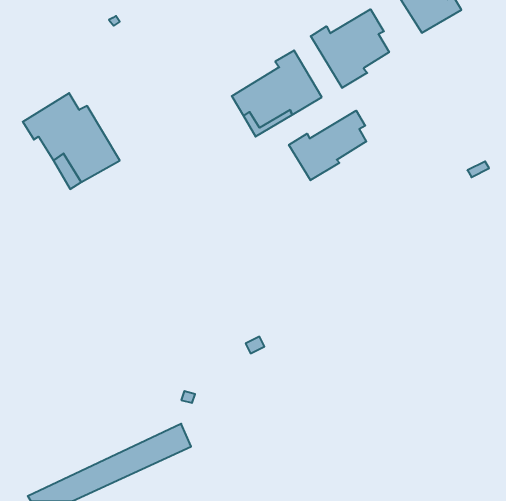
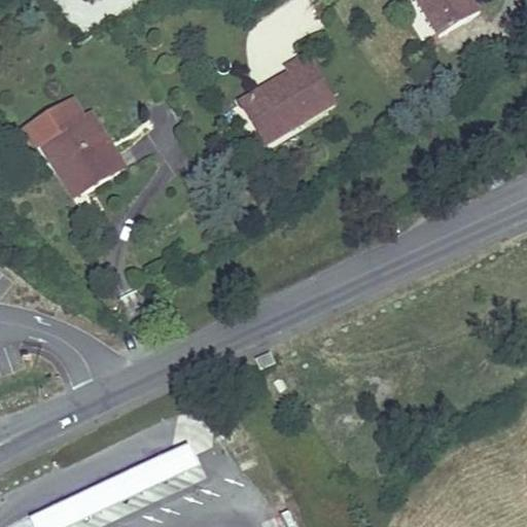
building: [311,9,389,88] -> none
building: [289,111,366,180] -> none

